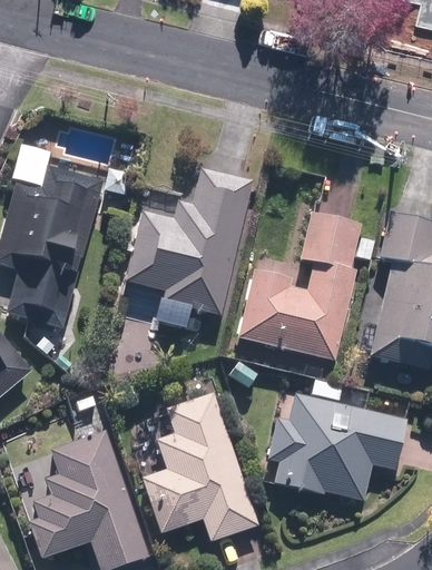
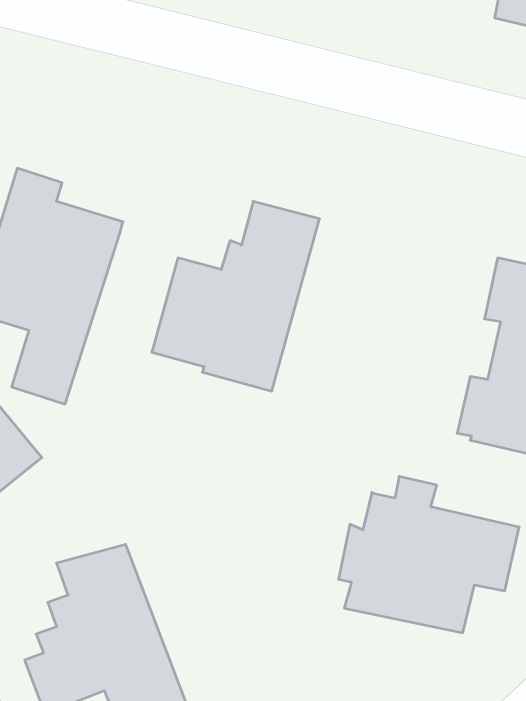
building: [236,210,362,379] -> none
building: [139,395,257,540] -> none

